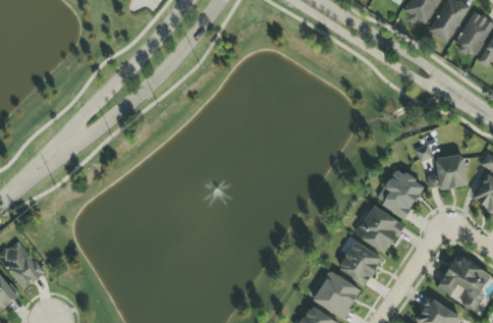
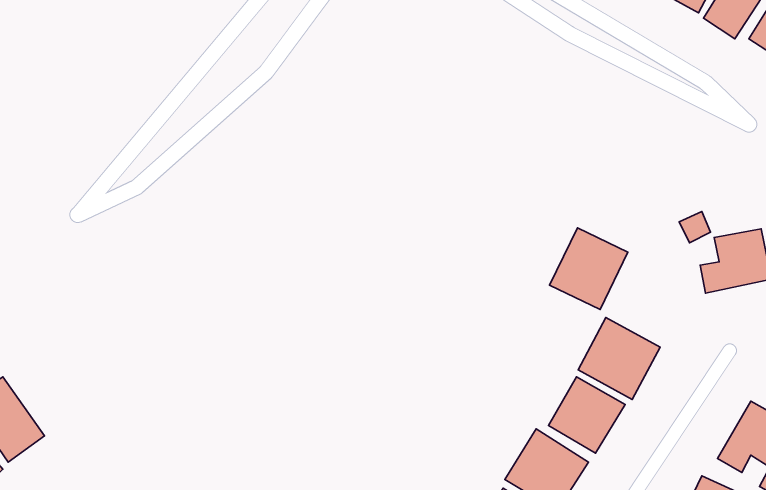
building: [378,169,424,217] -> [550,228,628,309]

